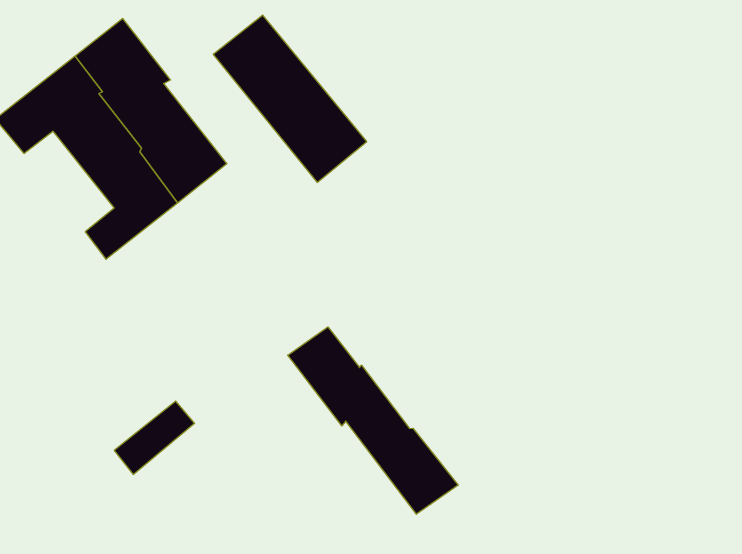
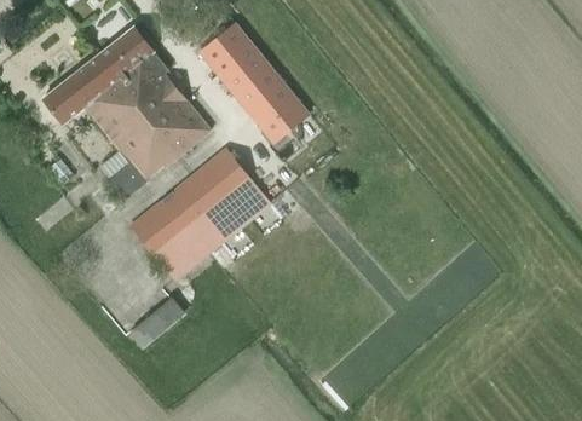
building: none -> [131,150,269,281]
building: [288,327,458,514] -> none

